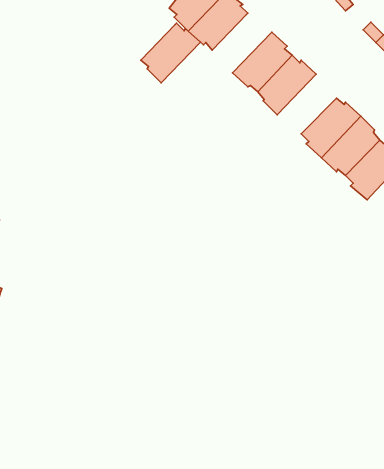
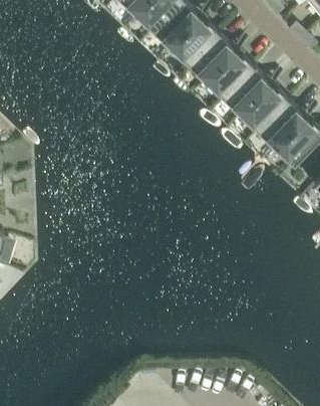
building: [141,23,201,83] -> [172,20,219,67]
building: none -> [223,68,270,116]

